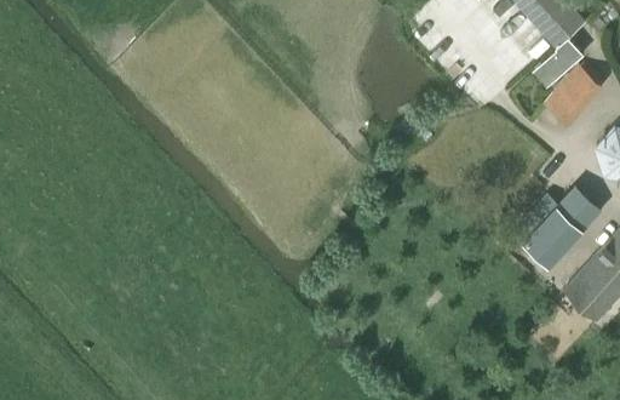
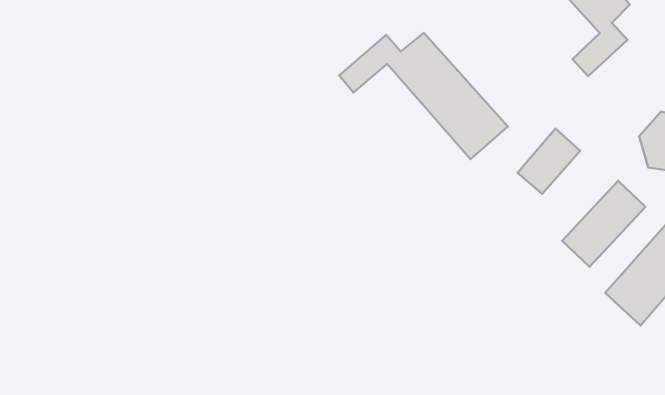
building: none -> [339,33,508,159]
building: [544,64,602,125] -> [518,129,580,194]

